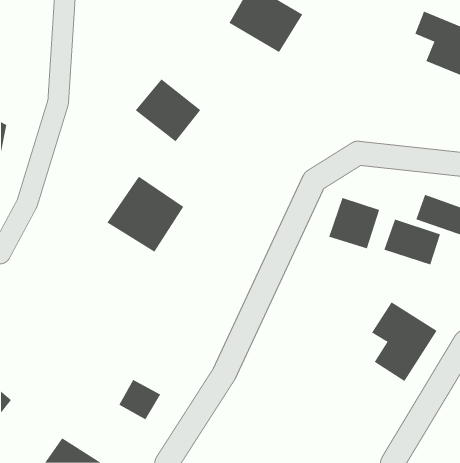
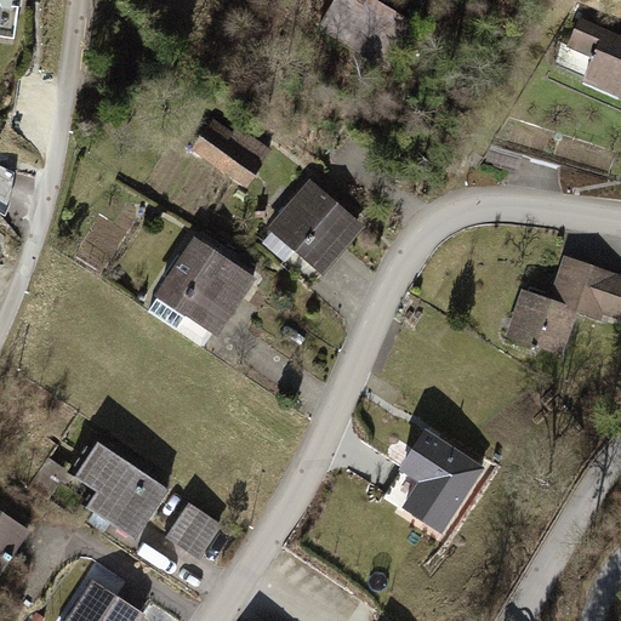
building: none -> [264,176,366,277]
building: [329,197,380,249] -> none
building: [371,302,438,382] -> [408,425,496,531]
building: none -> [62,445,163,546]

